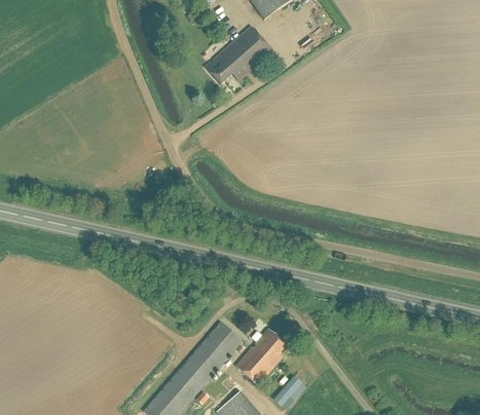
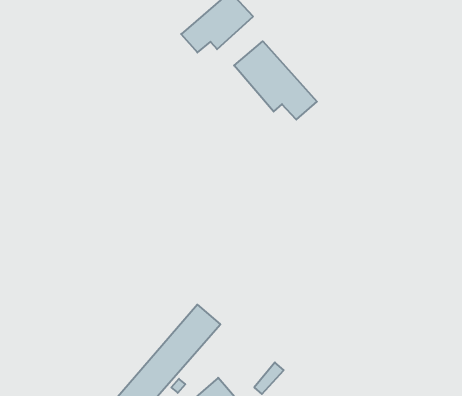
building: none -> [234,41,317,120]
building: [235,328,286,385] -> none

